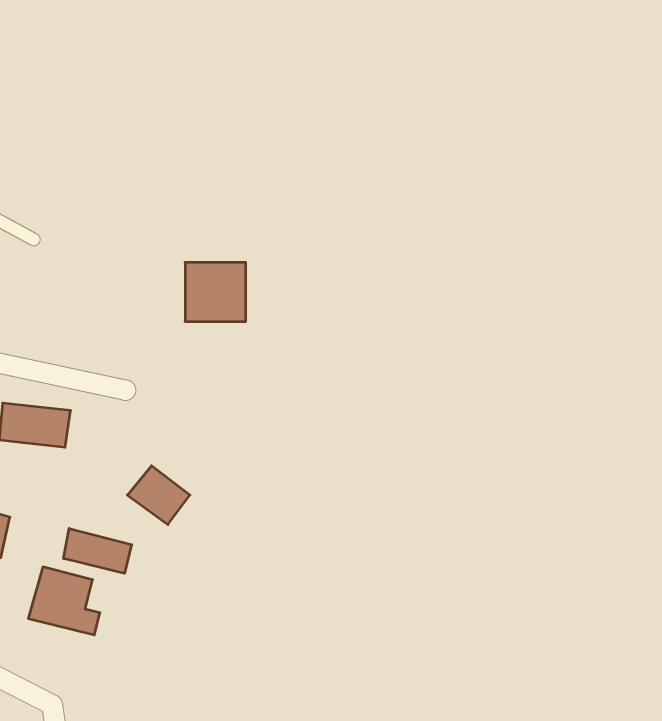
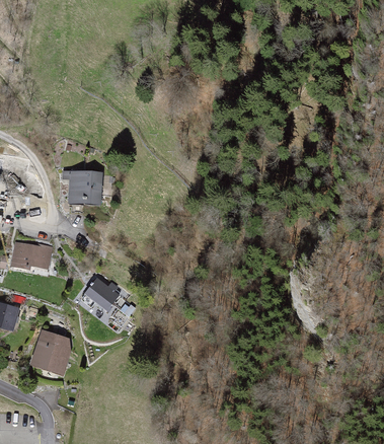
building: [185,262,246,321] -> [70,175,103,208]
building: [64,528,132,573] -> none

